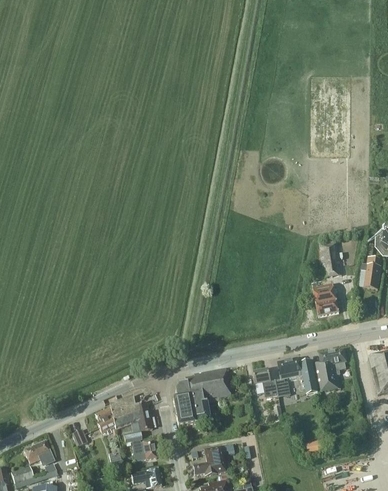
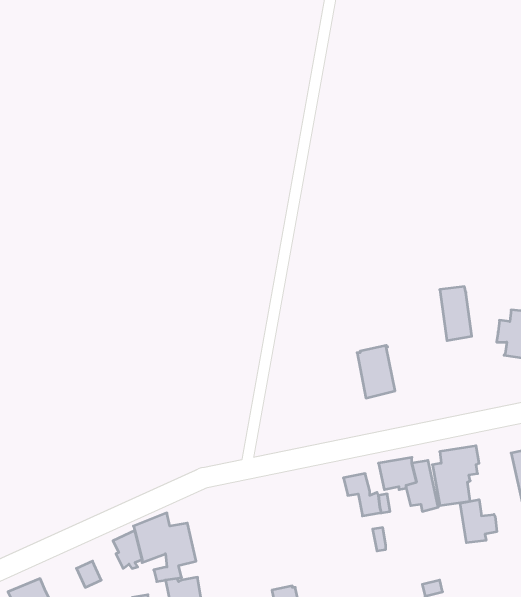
building: [313,281,339,317] -> [357,345,395,398]
building: [173,368,232,426] -> none
building: none -> [460,500,497,543]

